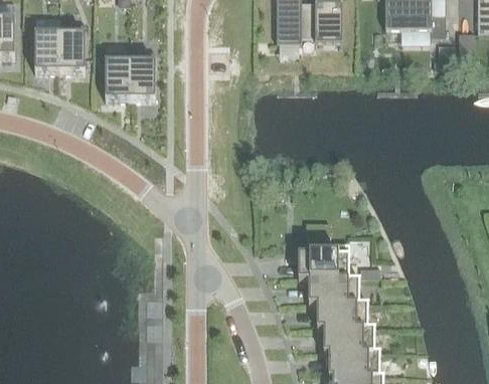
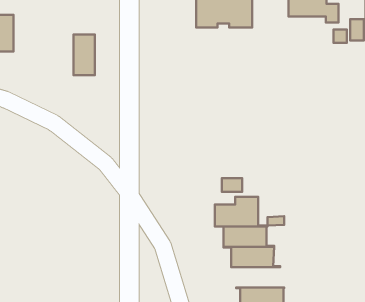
building: [58,25,85,74] -> none
building: [105,53,130,102] -> none
building: [317,330,380,354] -> none

